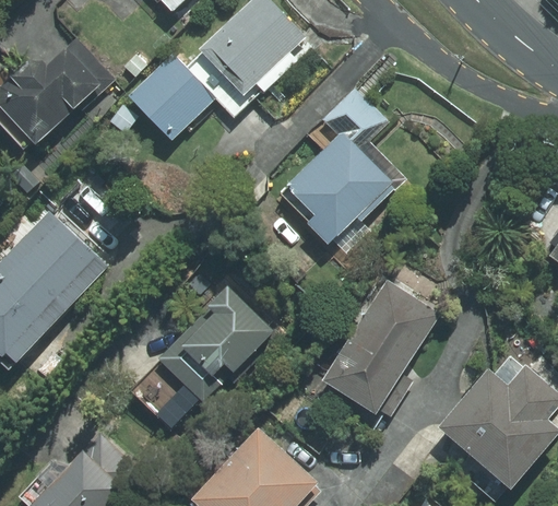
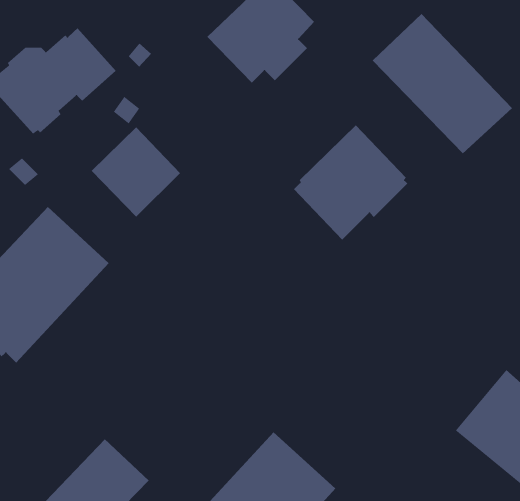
building: none -> [372,13,513,154]
building: [128,52,214,140] -> [91,126,181,217]
building: [321,279,438,416] -> none
building: [128,283,272,431] -> none

